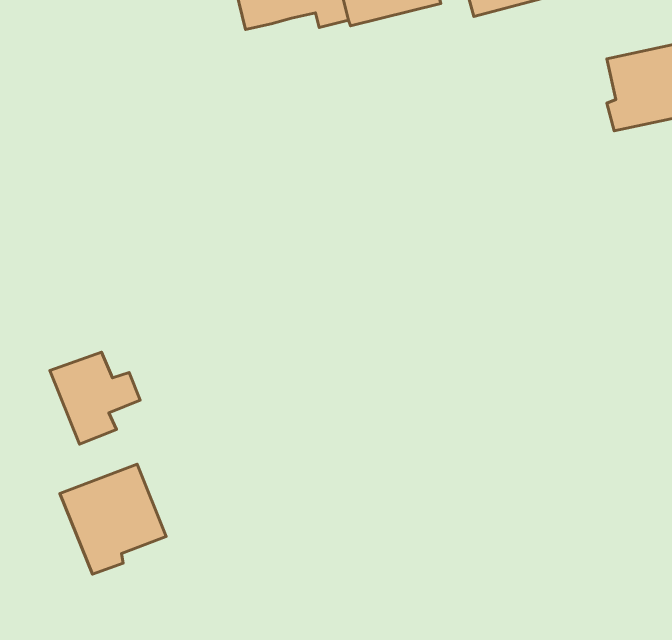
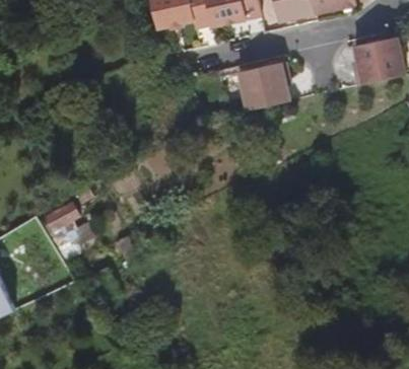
building: none -> [237,62,289,109]
building: [60,464,166,574] -> none

